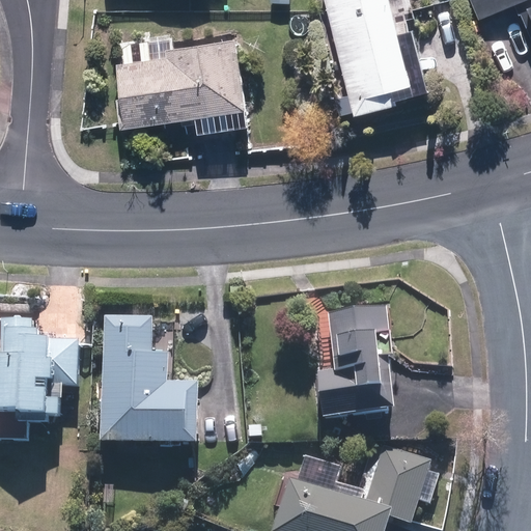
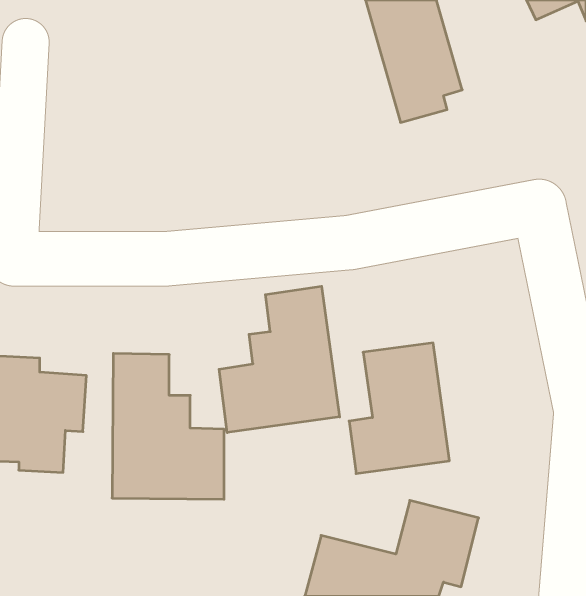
building: [116,36,248,125] -> none
building: none -> [219,286,340,433]

